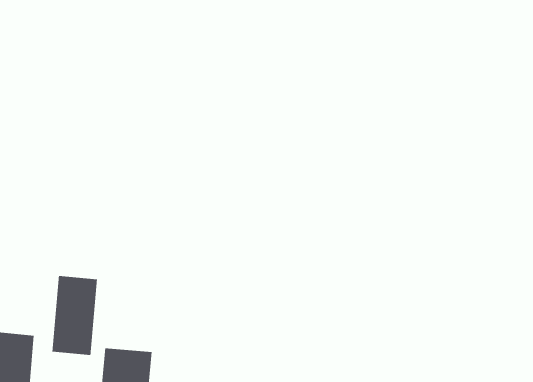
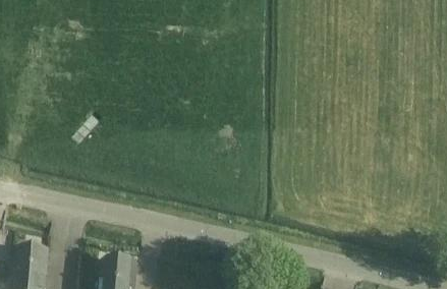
building: [52,275,97,356] -> none

